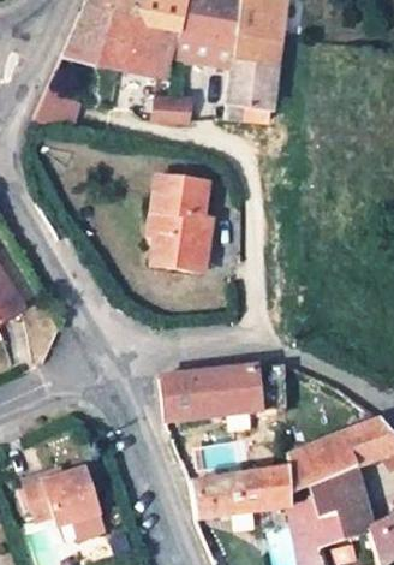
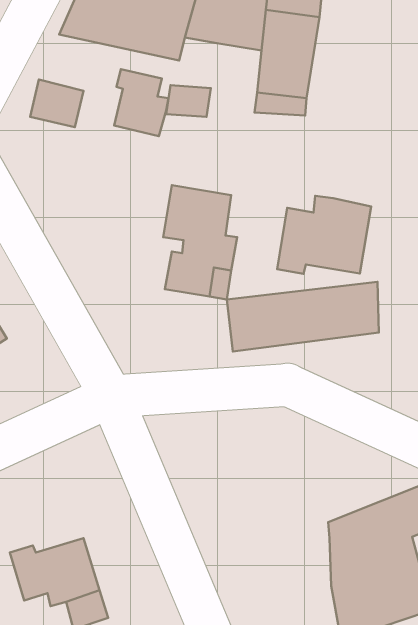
building: none -> [114,69,169,136]
building: none -> [277,196,371,274]
building: [159,364,285,422] -> [227,282,379,351]
building: [191,469,289,521] -> none

